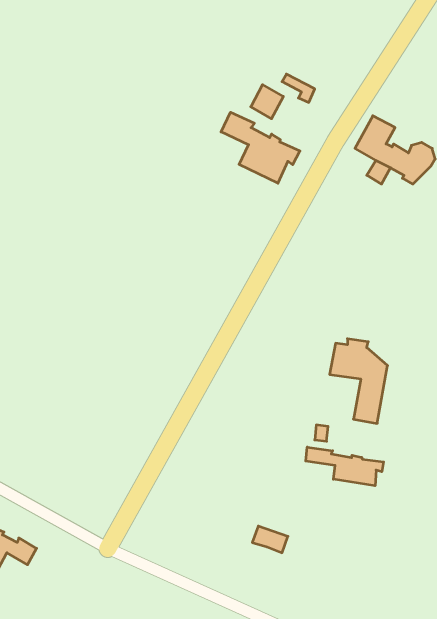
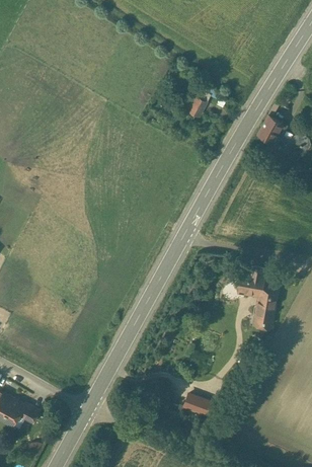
building: [221,112,300,183] -> none
building: [306,447,384,486] -> none

